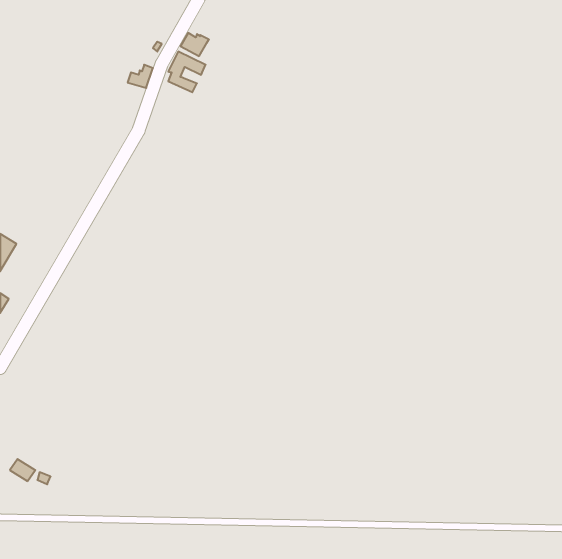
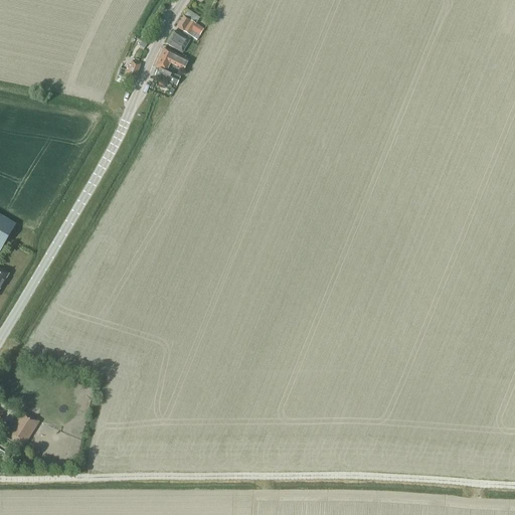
building: none -> [175,9,203,39]

